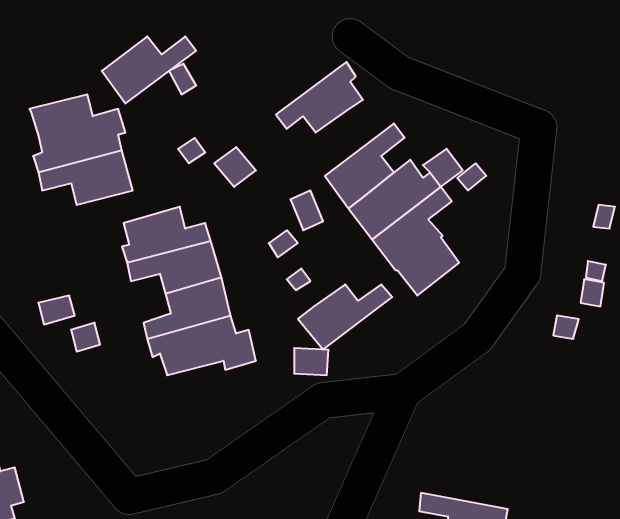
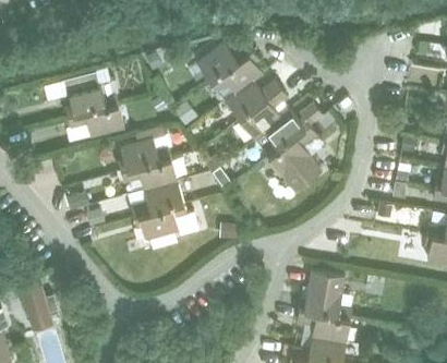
building: [102,36,196,103] -> [196,43,253,83]
building: [298,284,392,350] -> [225,81,281,120]
building: none -> [298,271,352,320]

